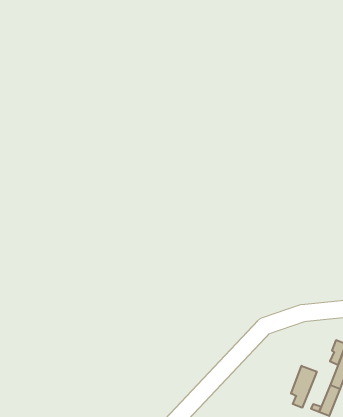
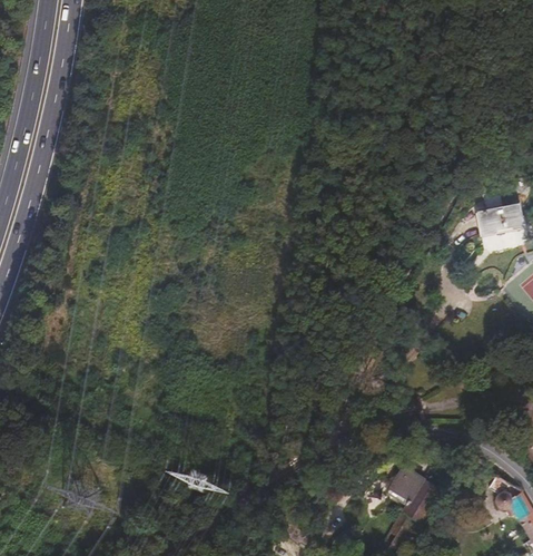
building: [291,366,317,408] -> none

